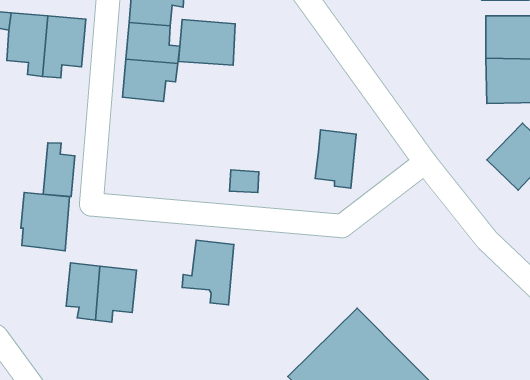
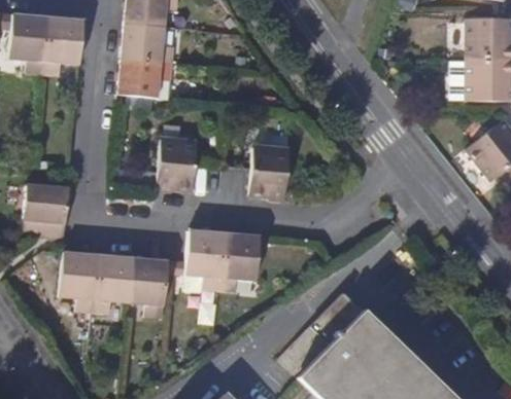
building: [179,19,235,65] -> none
building: [315,130,356,188] -> [250,147,289,203]
building: none -> [157,137,199,193]
building: [43,143,75,197] -> none
building: none -> [220,233,259,292]
building: none -> [129,258,168,312]

